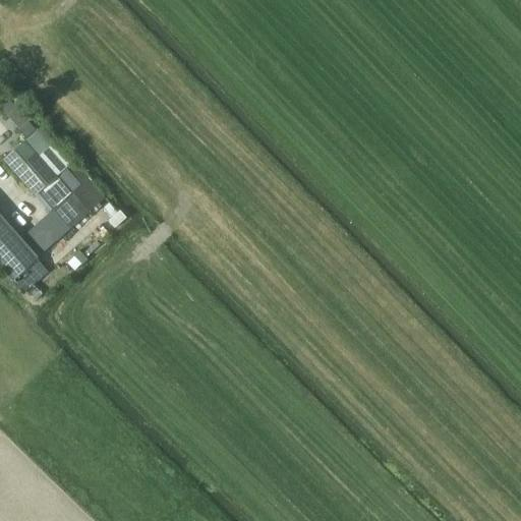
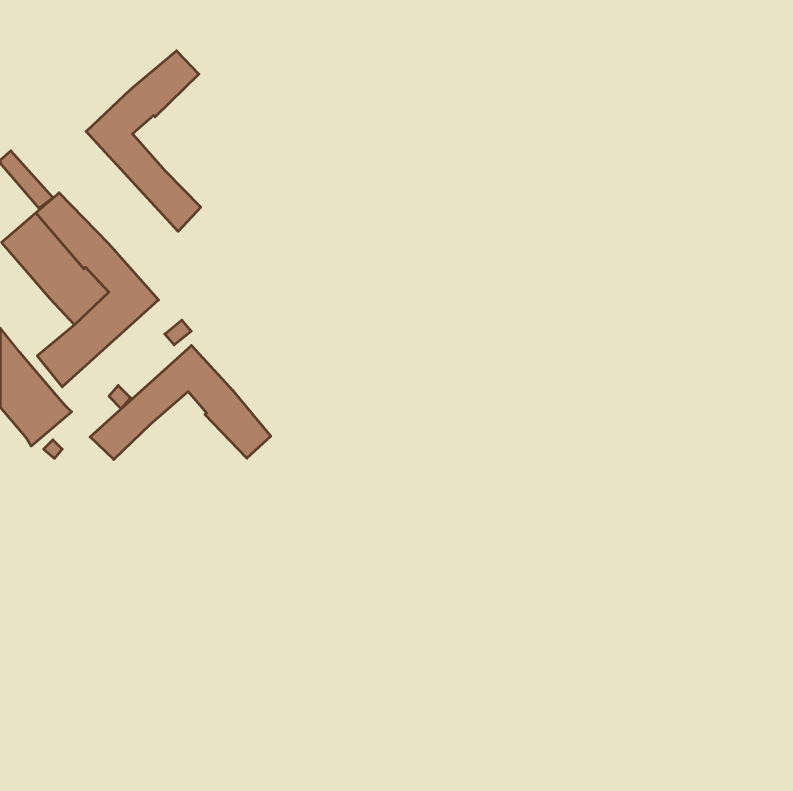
building: none -> [86,51,201,231]
building: none -> [90,345,271,460]

